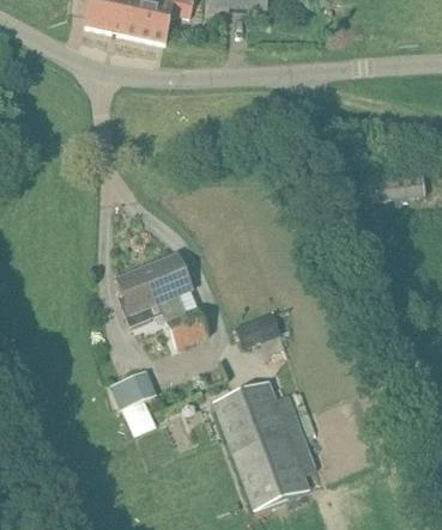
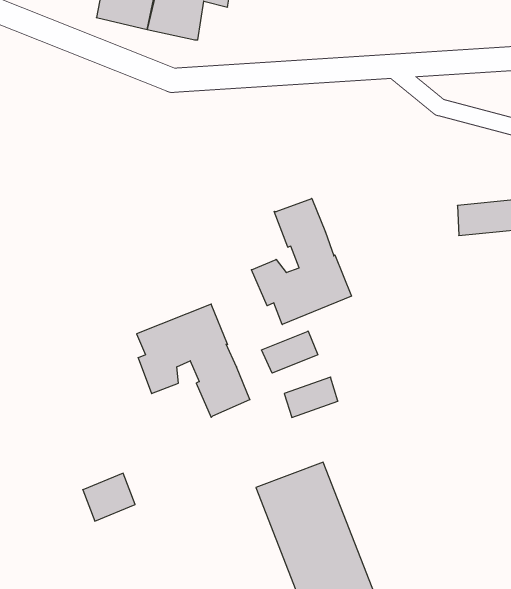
building: none -> [251,198,351,325]
building: none -> [262,331,318,373]
building: [114,370,156,408] -> [83,473,135,521]

